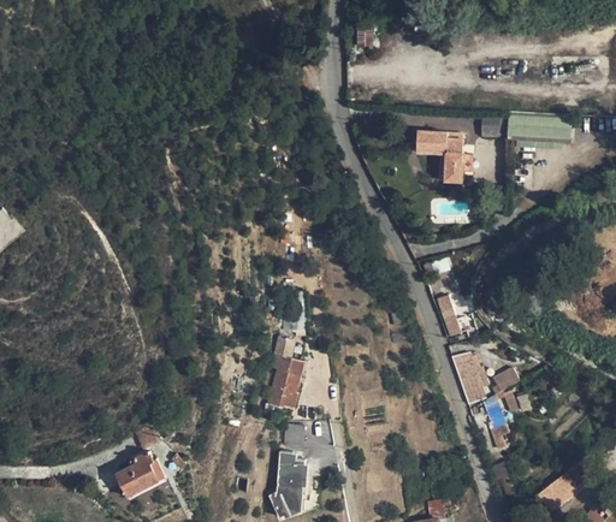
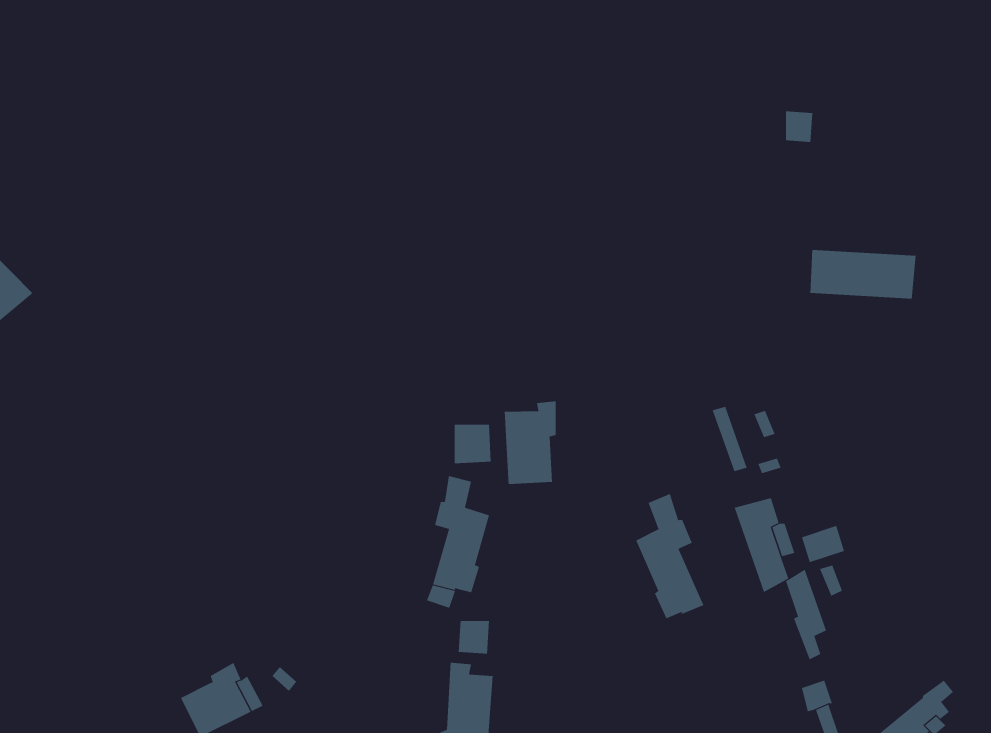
building: [508,112,573,142] -> [809,250,916,299]
building: [416,131,464,182] -> none
building: none -> [504,400,556,485]
building: none -> [636,493,704,619]

